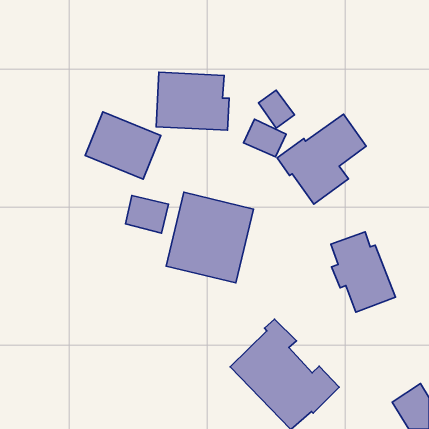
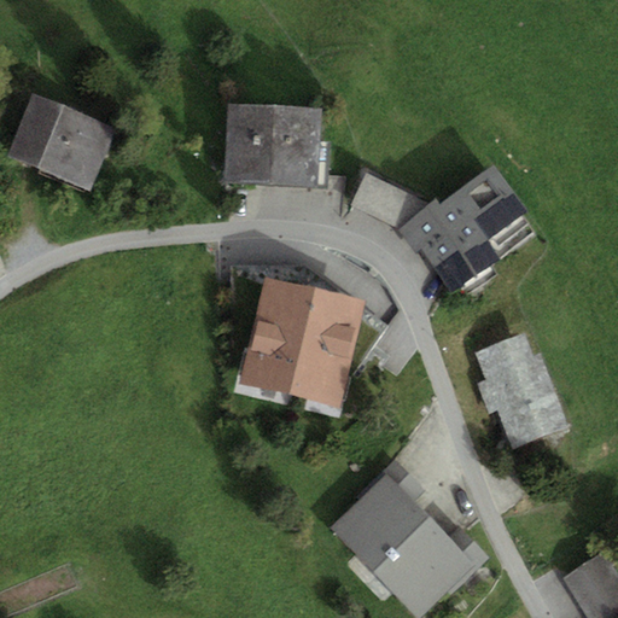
building: [259,90,294,128] -> none
building: [85,112,161,179] -> [7,94,116,191]
building: [125,196,168,233] -> none

